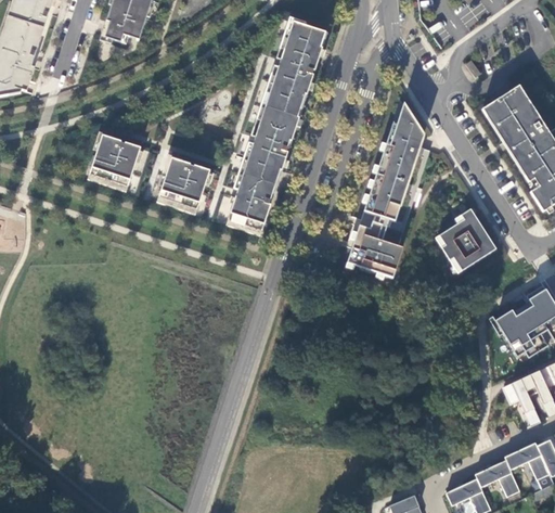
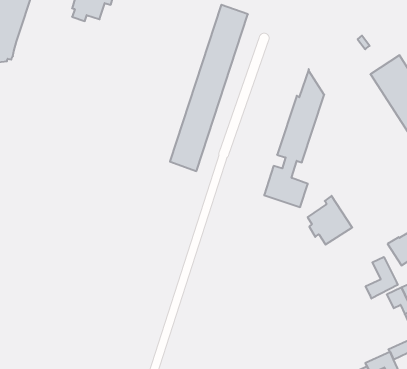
building: [89,134,140,187] -> none
building: [158,157,209,209] -> none
building: [439,208,495,270] -> [308,196,352,245]
building: none -> [366,257,398,299]

